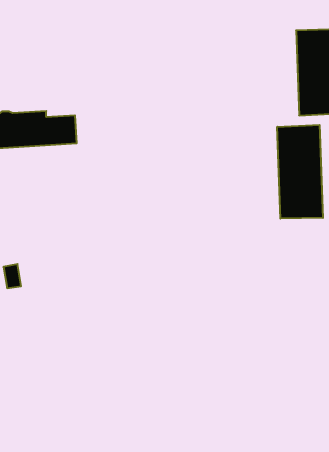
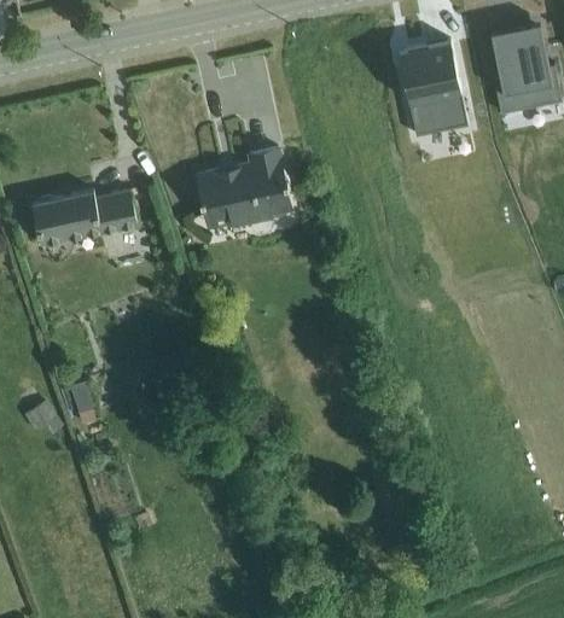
building: none -> [202,146,297,232]
building: [277,125,323,219] -> none

